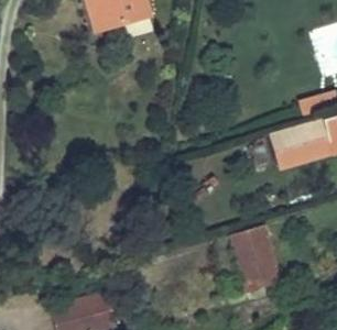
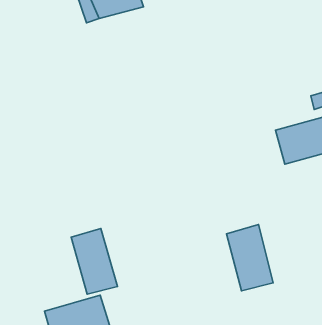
building: none -> [71,229,117,294]

